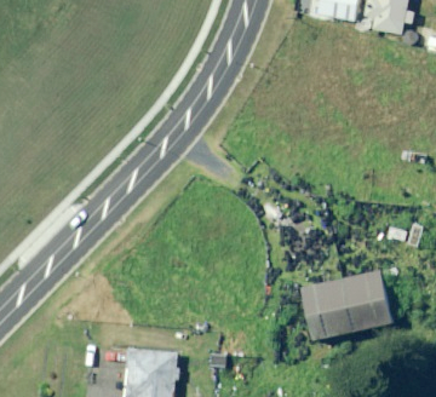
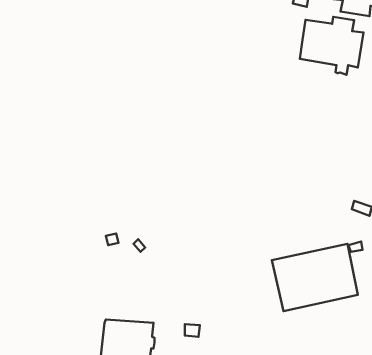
building: none -> [300,17,363,75]

